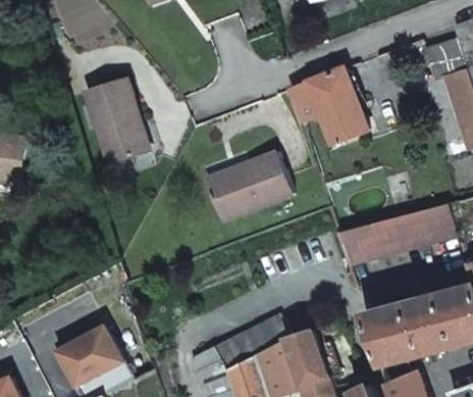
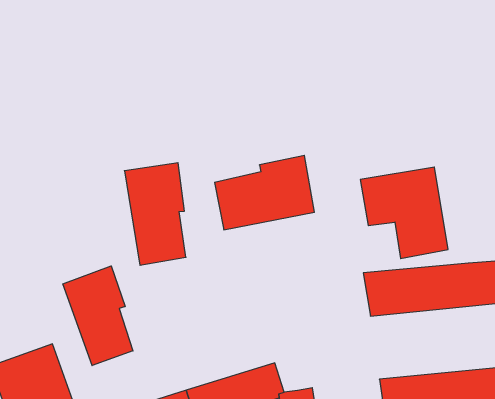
building: [288,65,366,141] -> [360,167,448,259]
building: [83,76,142,160] -> [124,163,186,265]
building: none -> [63,266,133,366]

